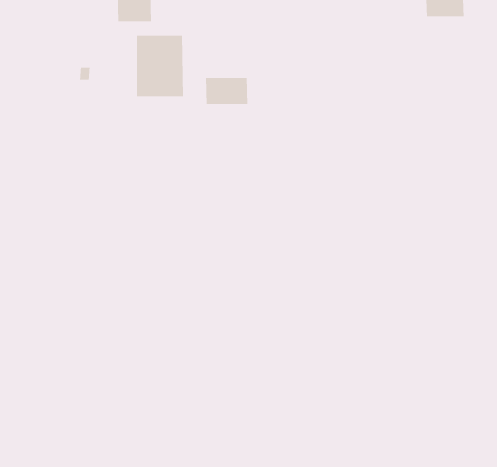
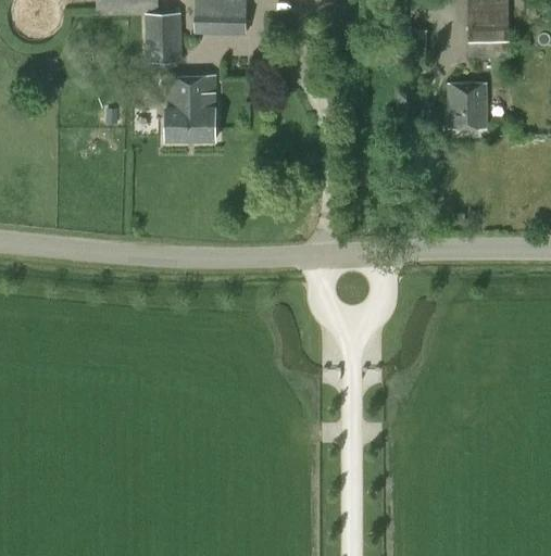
building: none -> [448,83,485,127]
building: [205,77,248,105] -> none

